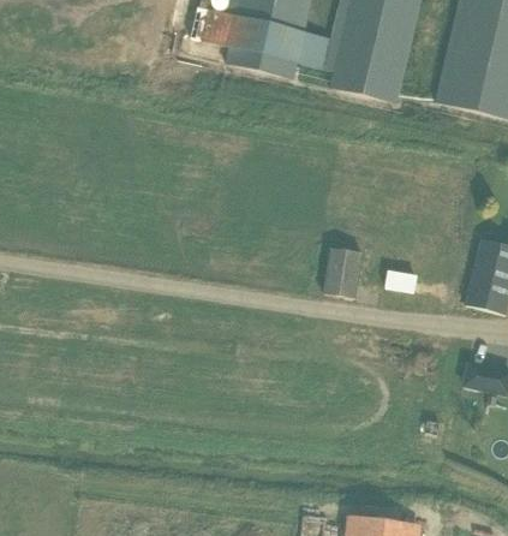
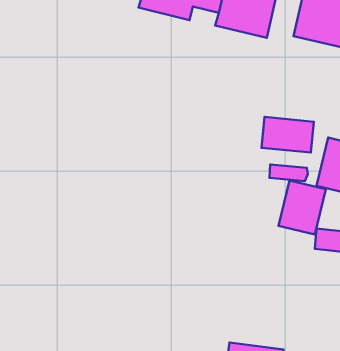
building: none -> [262,117,314,153]
building: [323,249,361,297] -> none
building: none -> [279,180,326,235]

